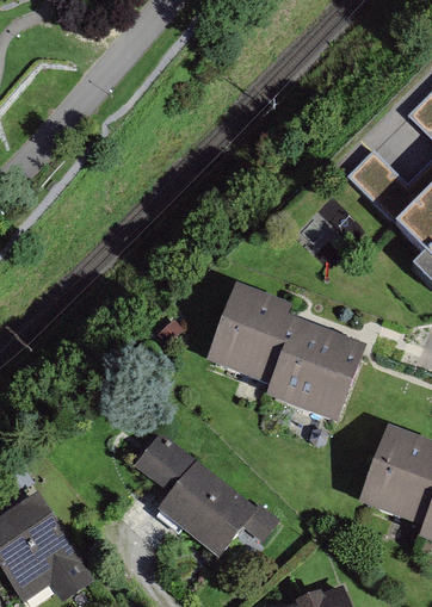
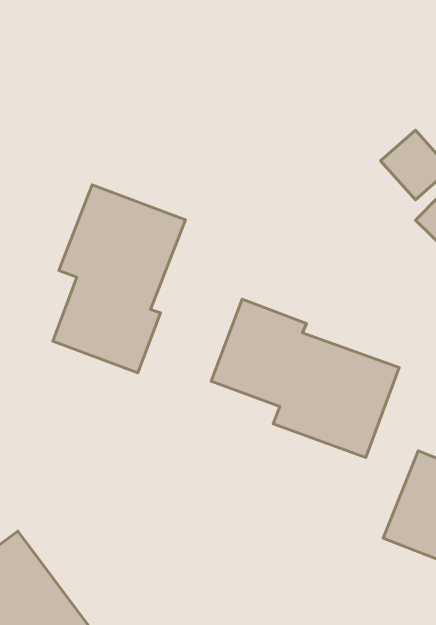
building: none -> [53,185,185,373]
building: [138,431,278,553] -> none

